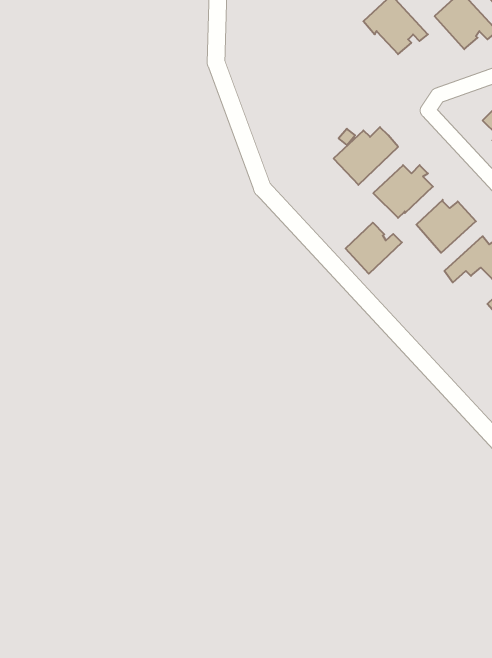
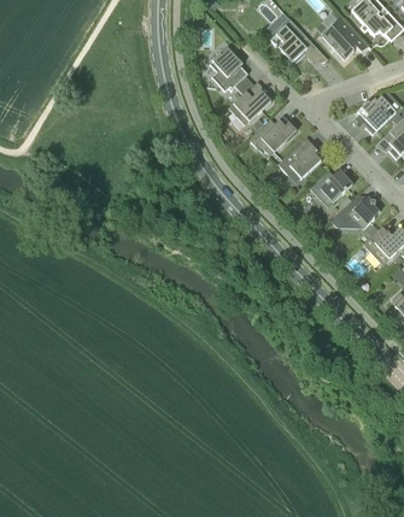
building: none -> [209,47,247,90]
building: none -> [228,89,271,124]
building: [346,223,402,274] -> none

